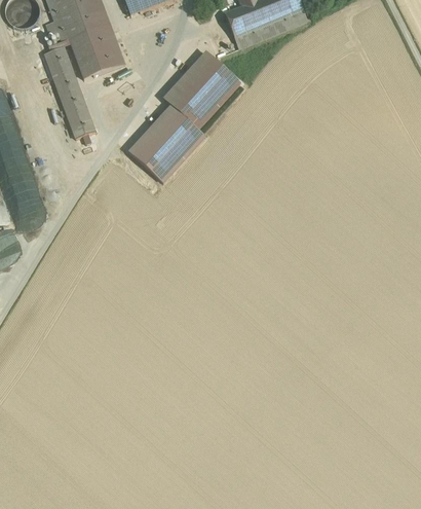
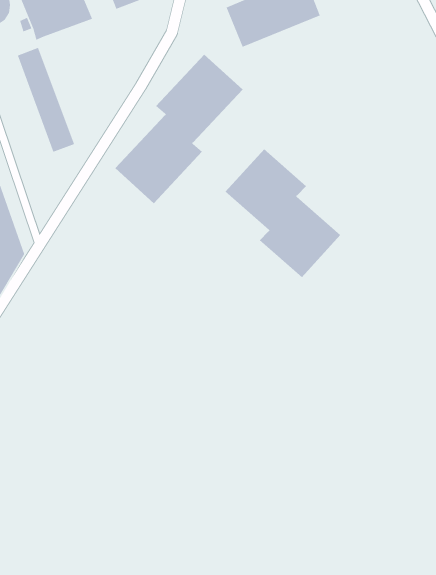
building: [67,20,123,75] -> none
building: none -> [225,148,341,278]

